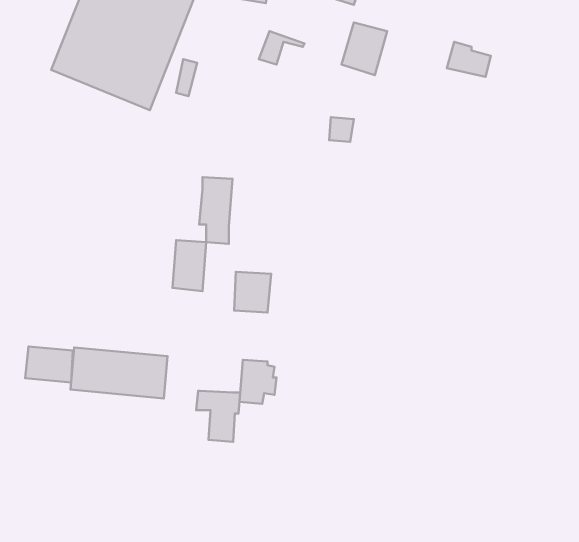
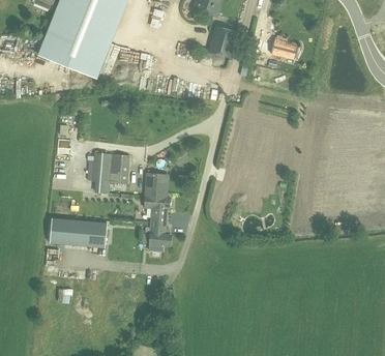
building: [199,177,232,244] -> [91,153,111,192]
building: [25,346,73,382] -> none
building: [196,391,240,442] -> [143,196,169,226]

